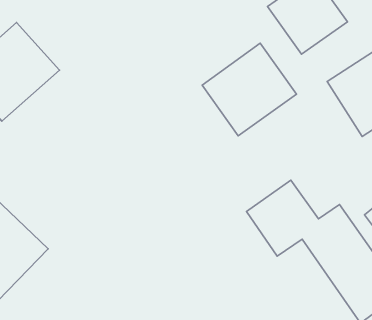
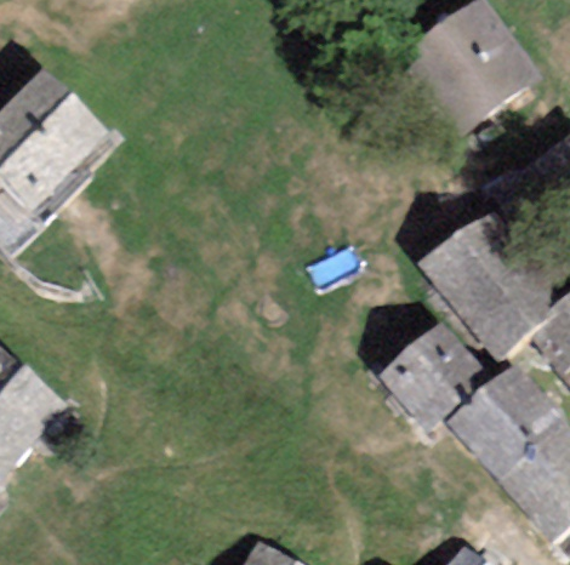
building: [202,43,297,136] -> none
building: none -> [427,218,557,349]

